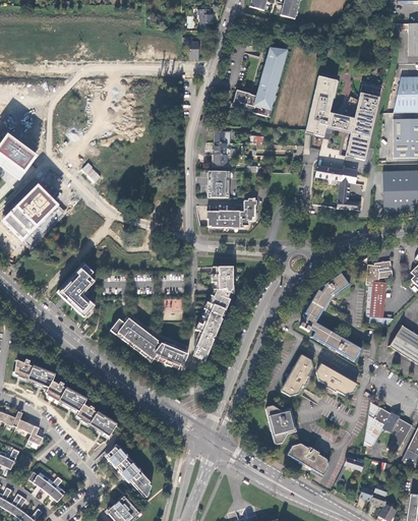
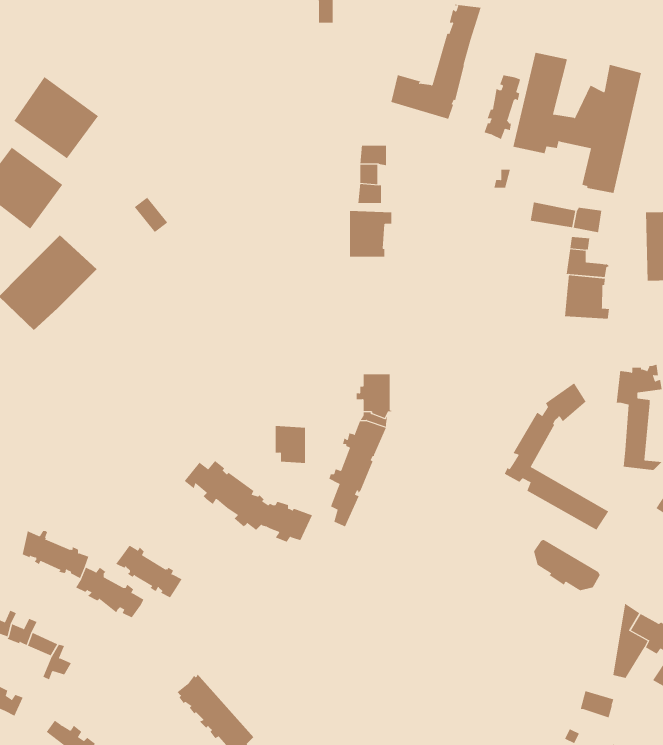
building: none -> [484,75,521,140]
building: none -> [14,76,99,159]
building: [207,197,256,227] -> none
building: none -> [564,274,609,320]
building: [57,262,96,317] -> none
building: [281,356,311,395] -> none
building: [76,404,116,436] -> [115,545,182,598]
building: [265,405,296,444] -> none
building: [289,443,329,474] -> none

